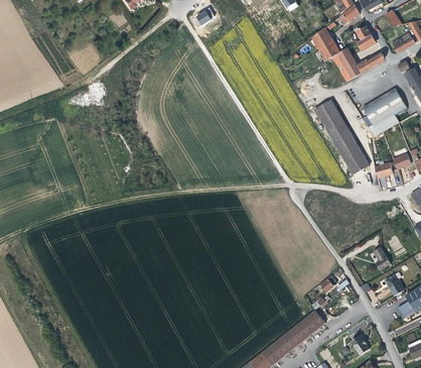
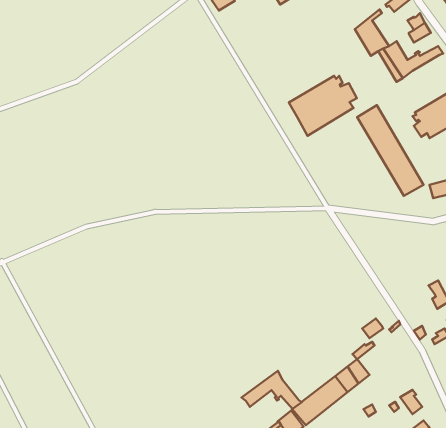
building: none -> [289,76,357,136]
building: none -> [241,371,302,409]

